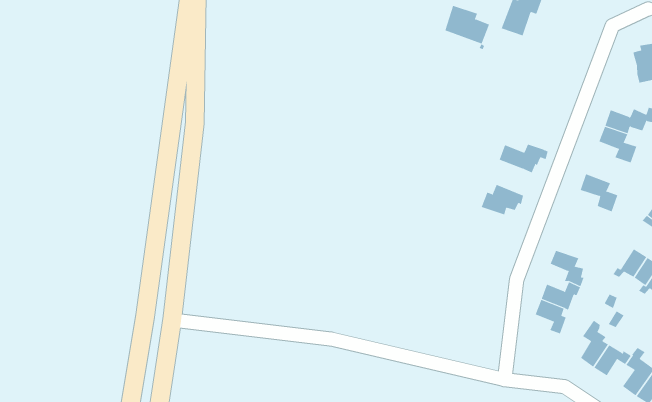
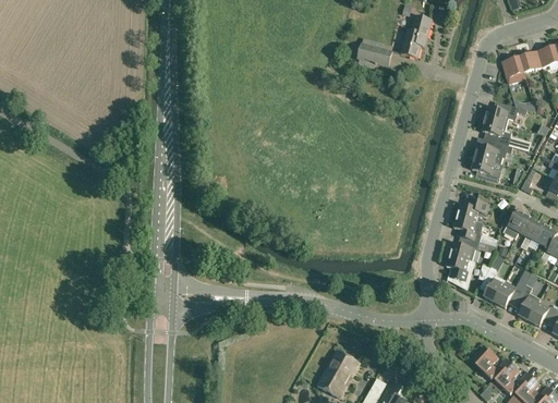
building: [499,144,549,173] -> [475,142,512,163]
building: [481,184,524,215] -> [458,197,489,220]

